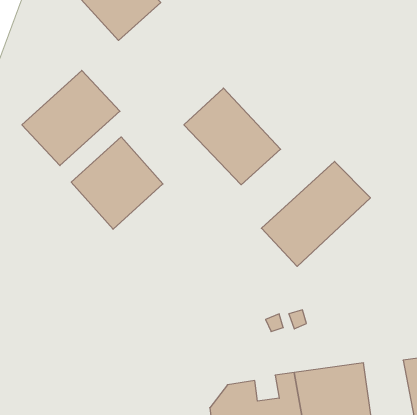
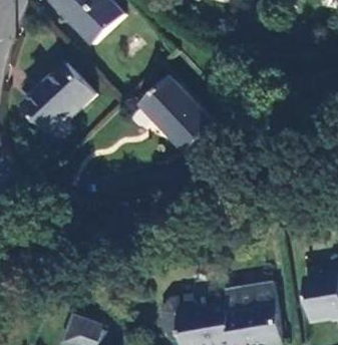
building: [71,137,163,229] -> none
building: [261,161,370,266] -> none

